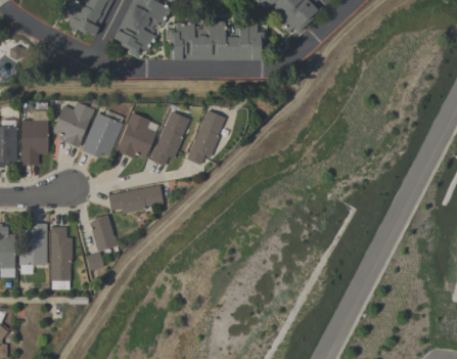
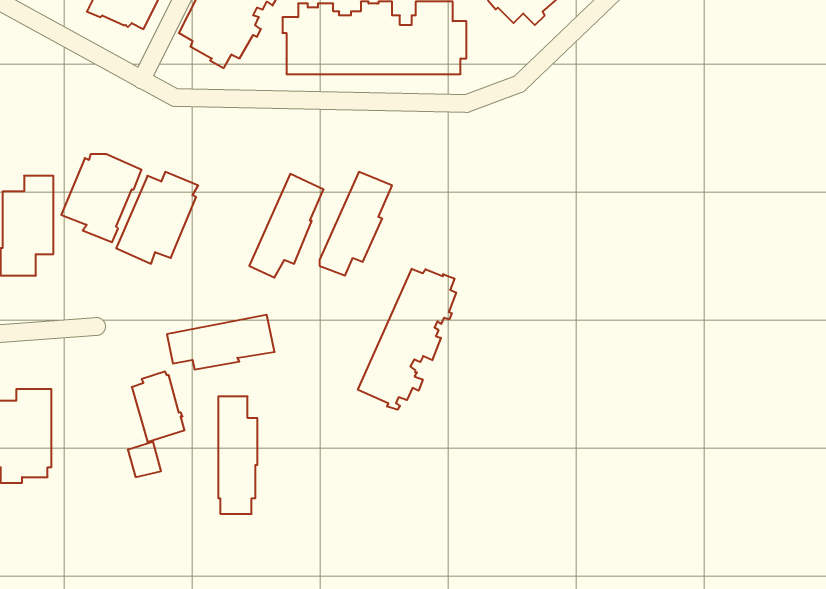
building: [115,113,159,159] -> none
building: none -> [358,269,456,410]
building: [51,227,72,288] -> [218,396,257,514]

